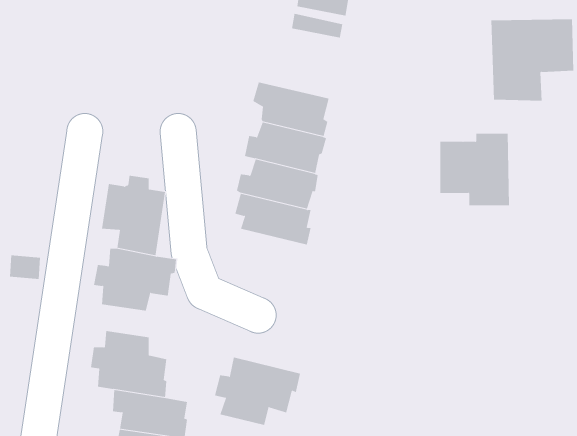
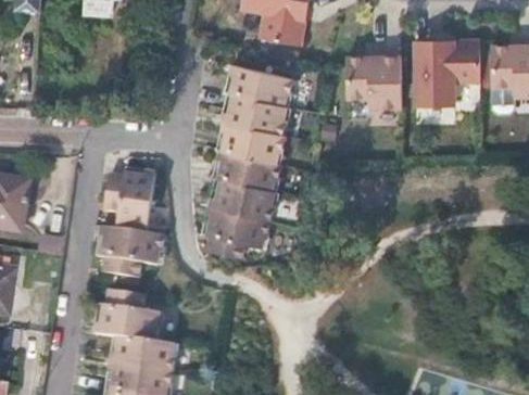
building: none -> [226,65,292,105]
building: [440,133,510,206] -> [347,54,402,112]
building: [214,357,301,426] -> [201,209,269,264]

